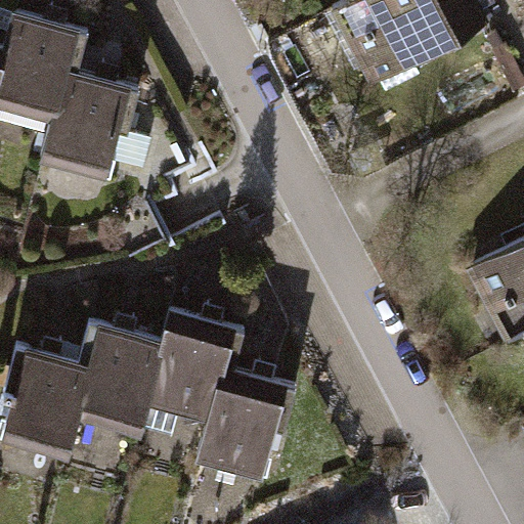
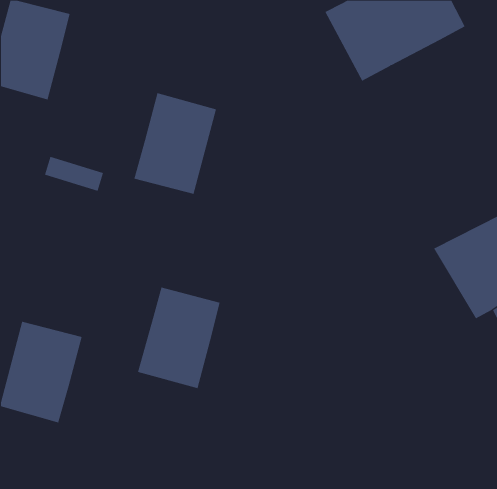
building: [43,68,130,174] -> [133,92,217,195]
building: [77,325,164,432] -> none
building: [201,368,287,475] -> none

